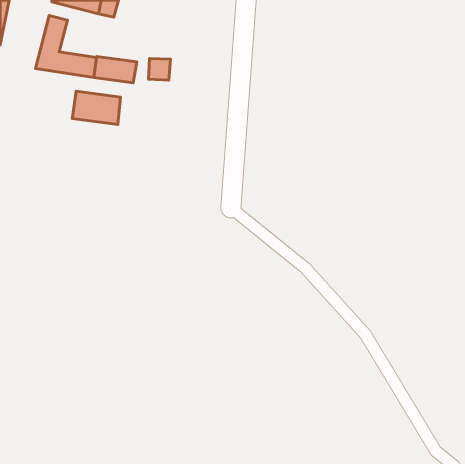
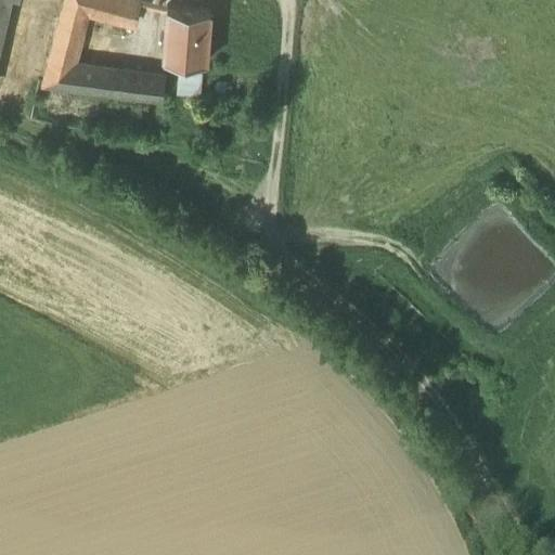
building: none -> [165,7,210,62]
building: [72,91,121,125] -> none

